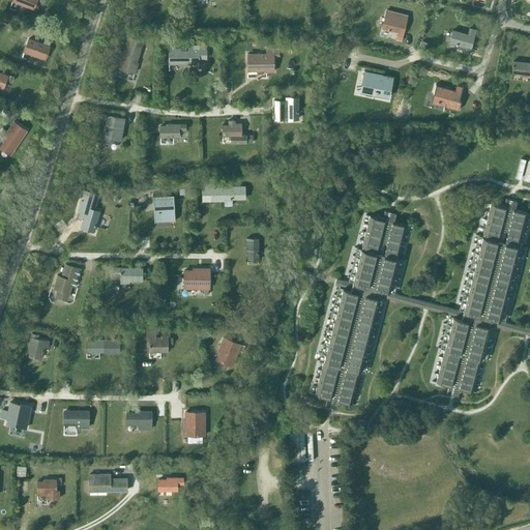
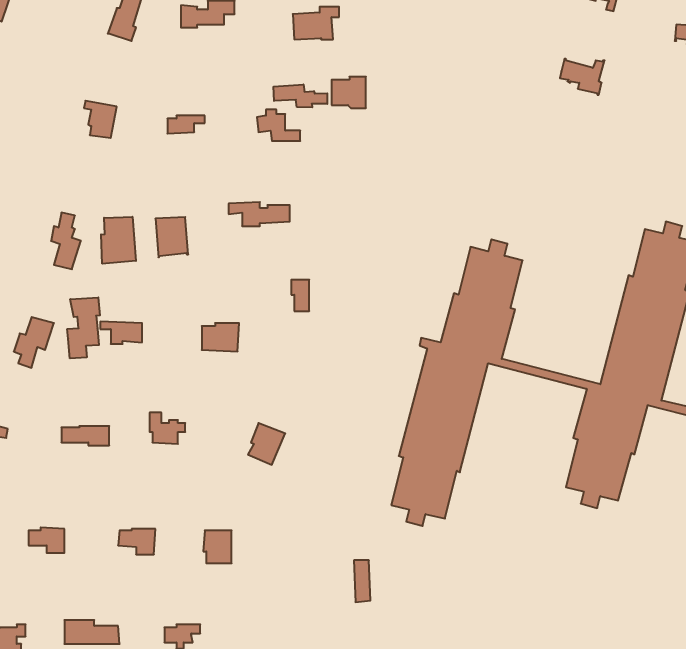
building: [362,71,392,95] -> none
building: none -> [274,84,327,107]
building: none -> [101,217,136,264]
building: none -> [67,297,100,358]

